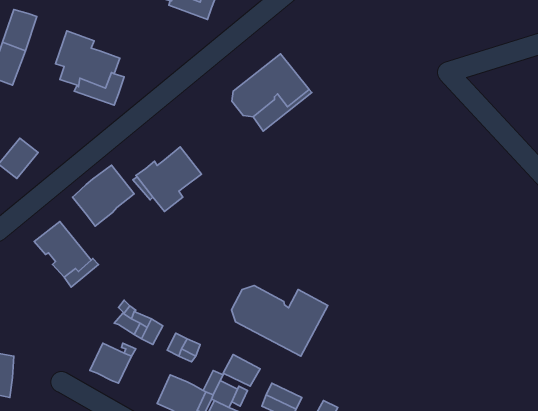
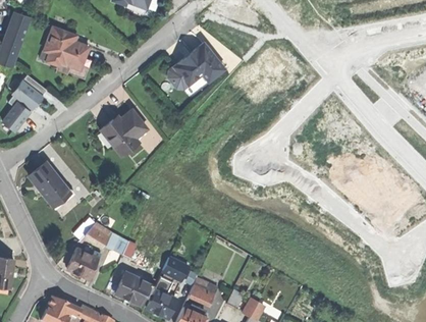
building: none -> [13,80,43,109]
building: [73,165,134,226] -> none
building: [232,285,328,356] -> none

